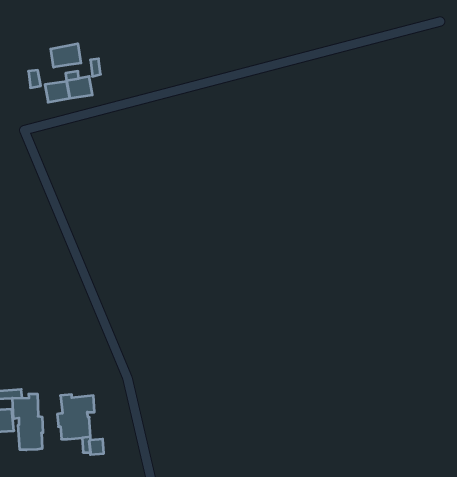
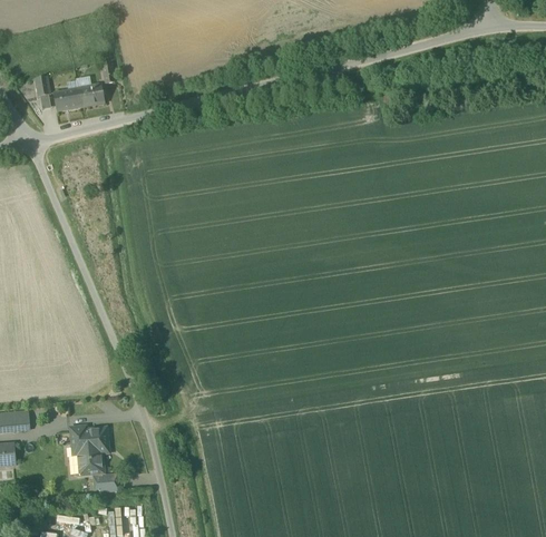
building: [51,44,81,67] -> none
building: [12,394,43,450] -> none

